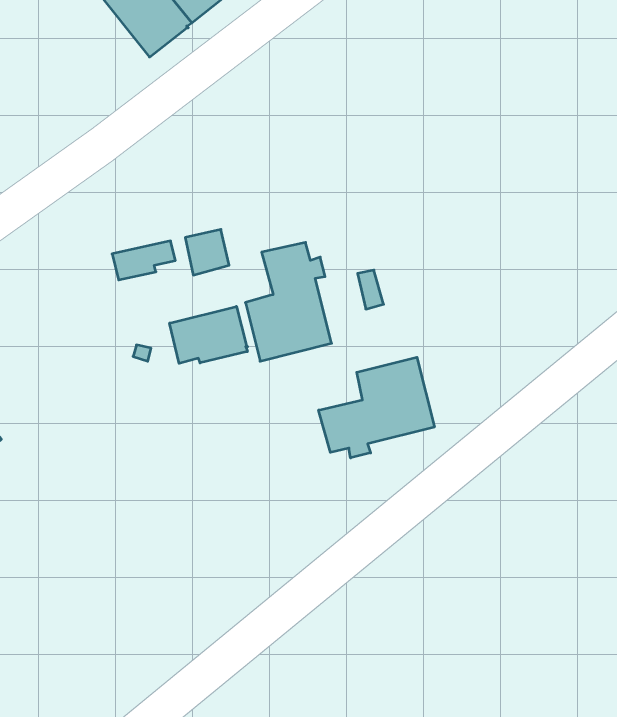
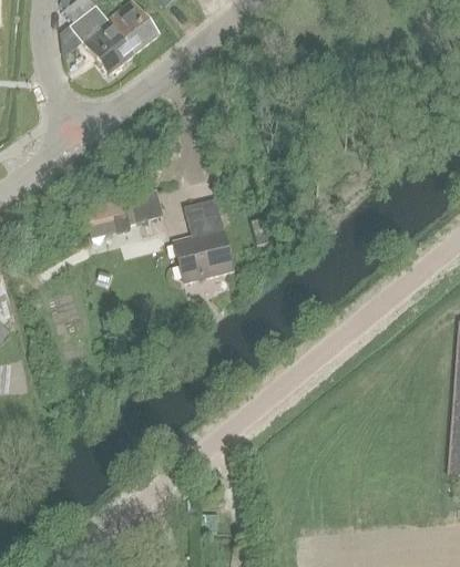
building: [170,306,248,363] -> none
building: [319,357,434,458] -> none

